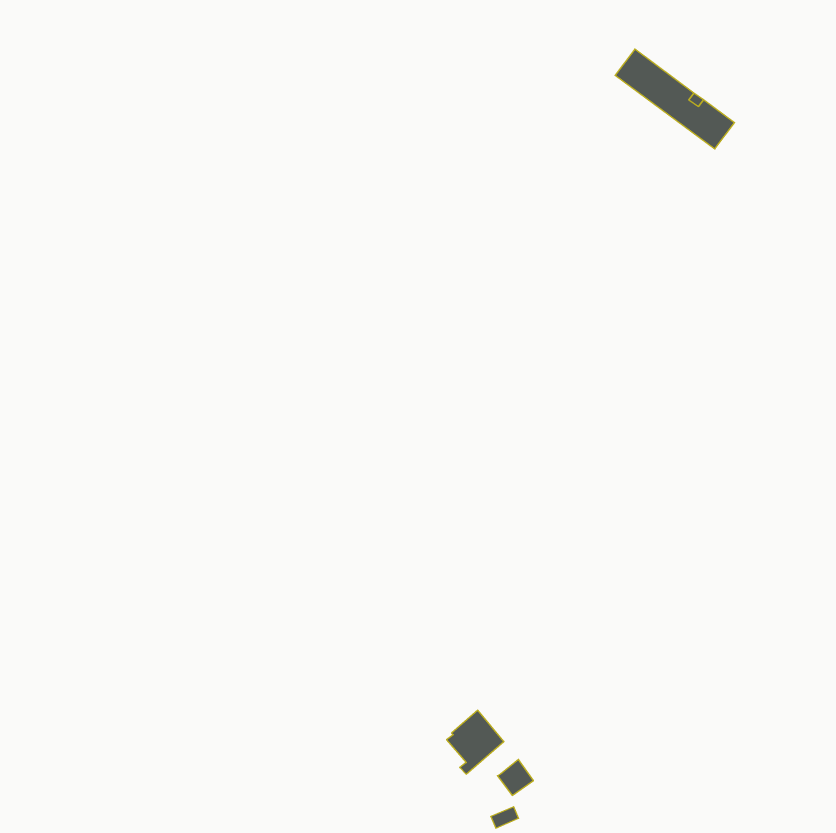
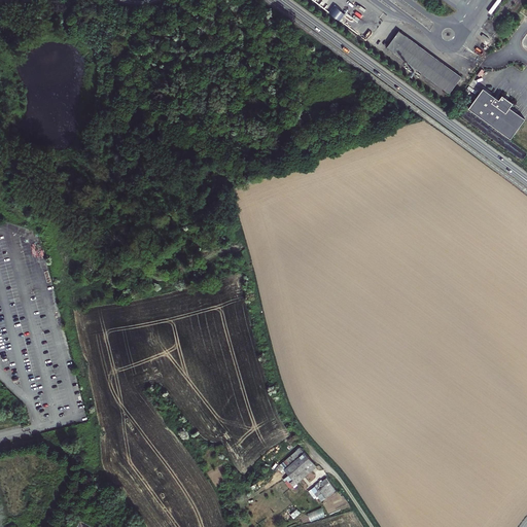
building: none -> [469,91,517,134]

